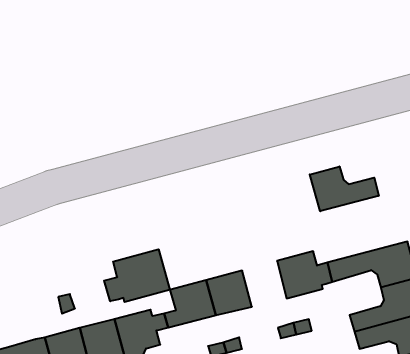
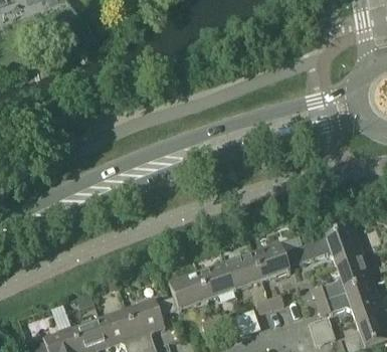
building: [310,166,379,211] -> none
building: [104,249,170,302] -> none
building: none -> [224,252,261,291]

